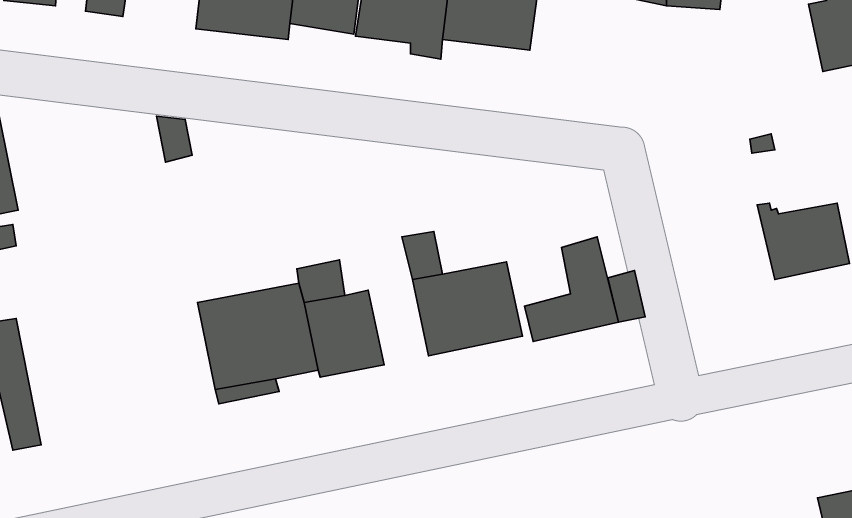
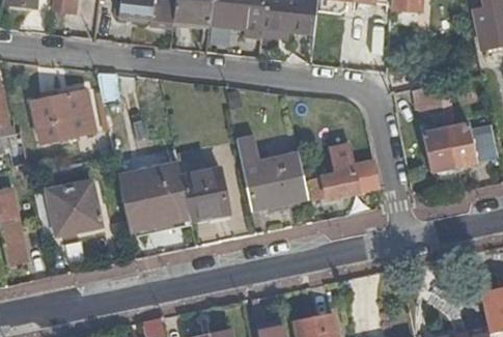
building: none -> [410,85,454,171]
building: none -> [32,90,95,143]
building: none -> [34,181,101,236]

